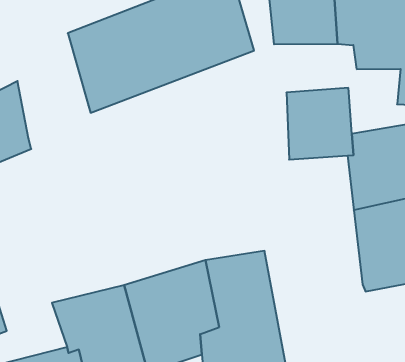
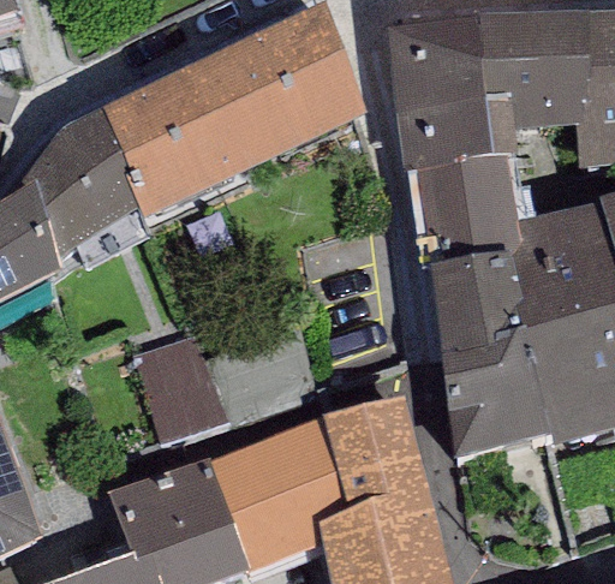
building: none -> [34,107,137,261]
building: none -> [394,94,517,171]
building: none -> [428,251,545,457]
building: none -> [157,341,235,442]

